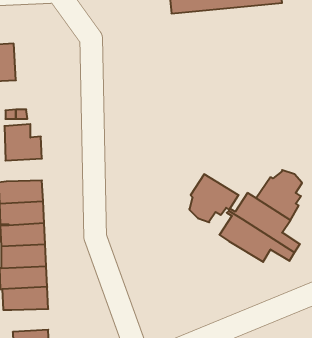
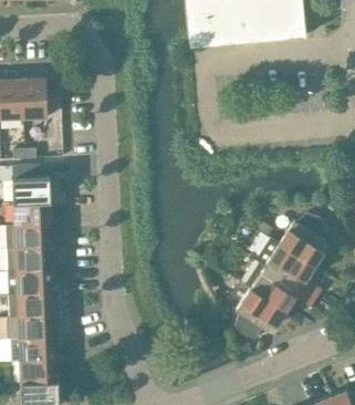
building: none -> [22,77,48,117]
building: none -> [13,200,52,225]
building: [189,174,239,222] -> [234,288,286,339]
building: none -> [20,360,59,384]

